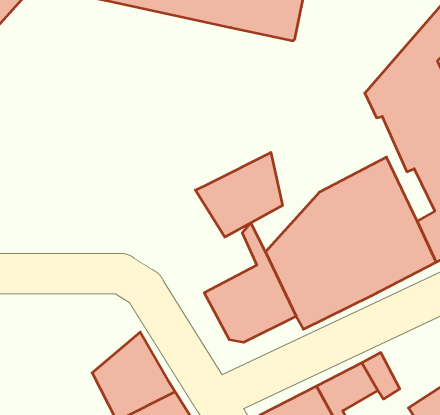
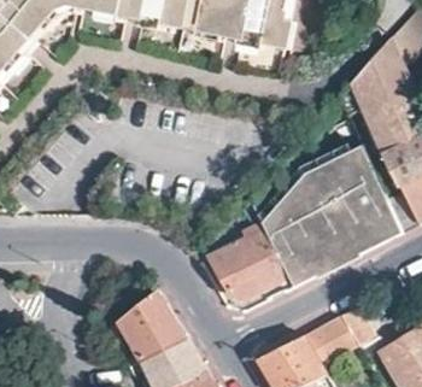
building: [195,152,282,237] -> none

